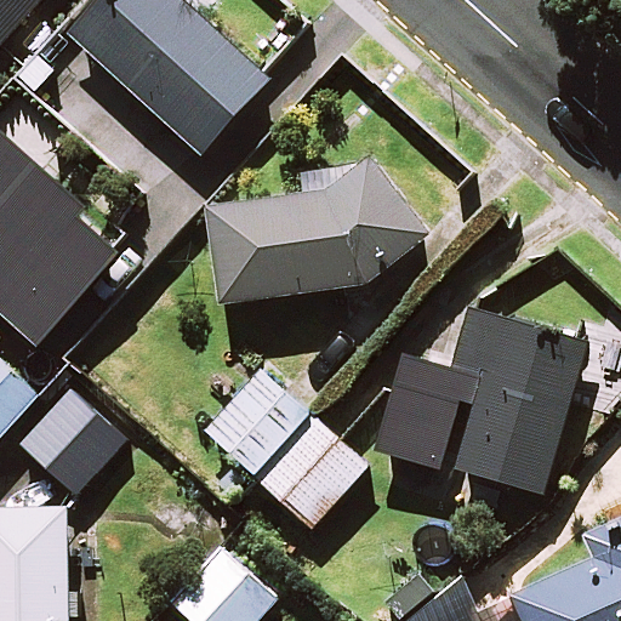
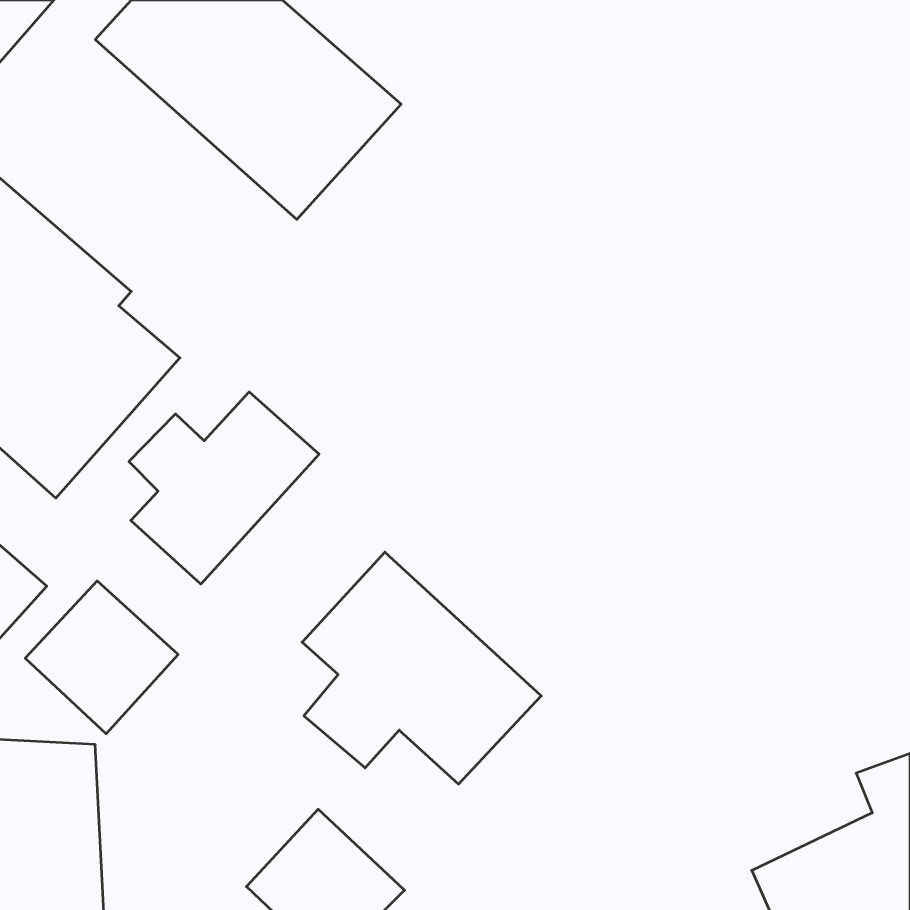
building: [206,155,432,302] -> none
building: none -> [129,392,319,584]
building: [376,307,586,492] -> none

